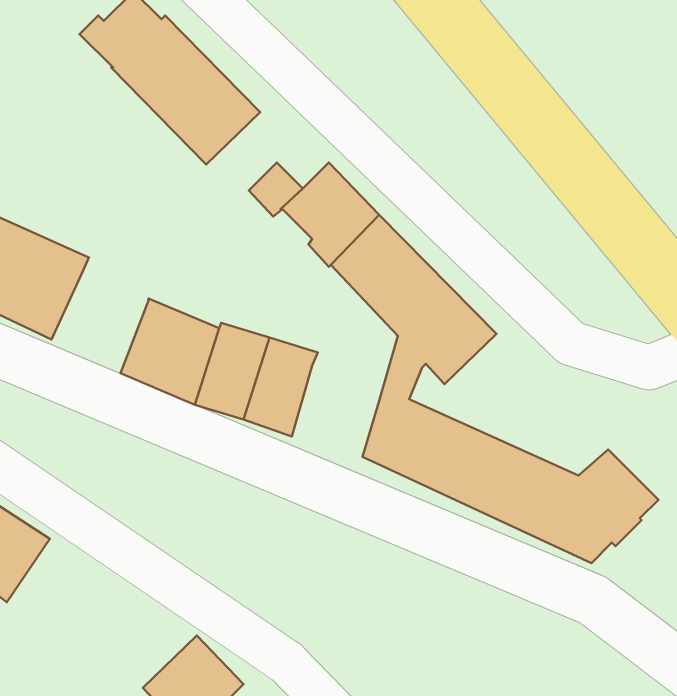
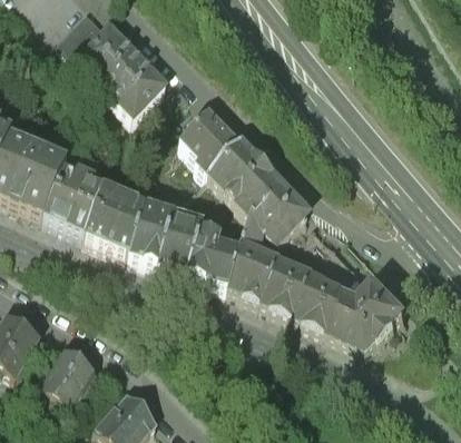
building: none -> [43,171,101,234]
building: none -> [187,229,239,284]
building: none -> [42,347,97,402]

